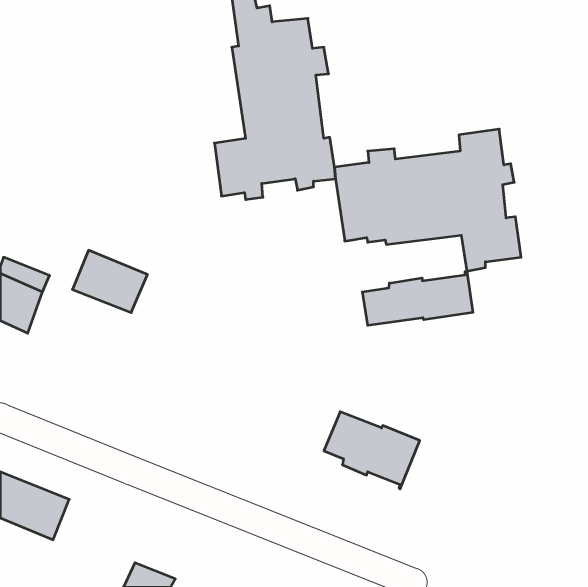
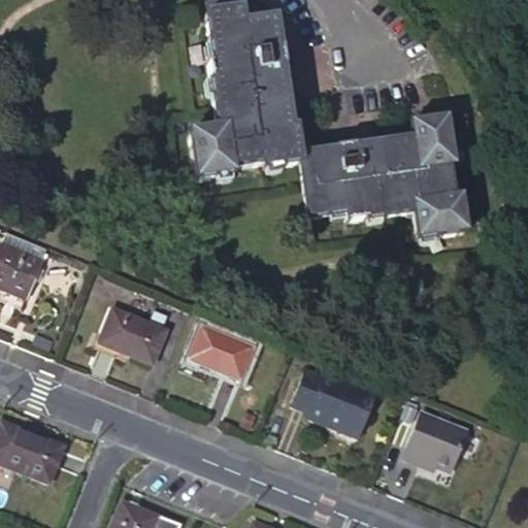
building: [72,250,147,313] -> [99,308,166,364]
building: [362,271,473,325] -> none
building: none -> [188,325,253,380]
building: none -> [403,412,466,471]

